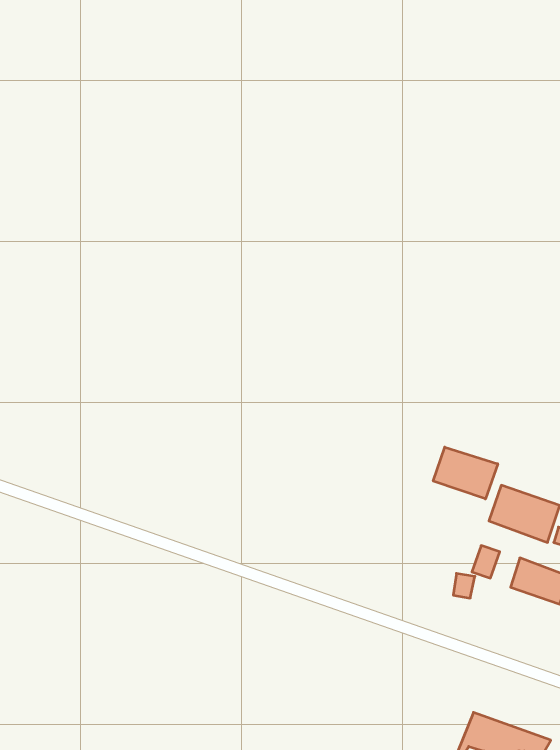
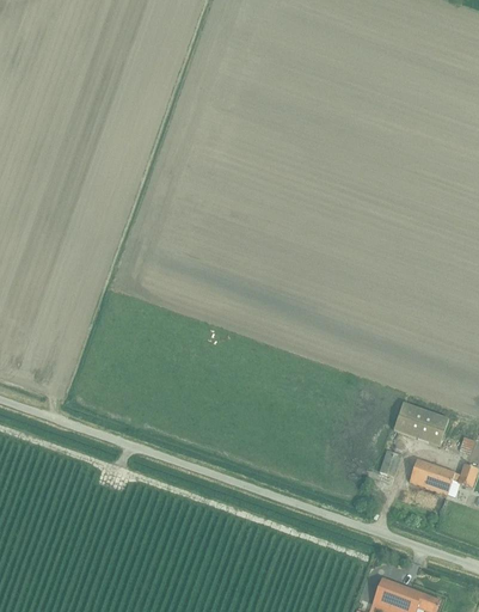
building: [433,447,498,499] -> none

